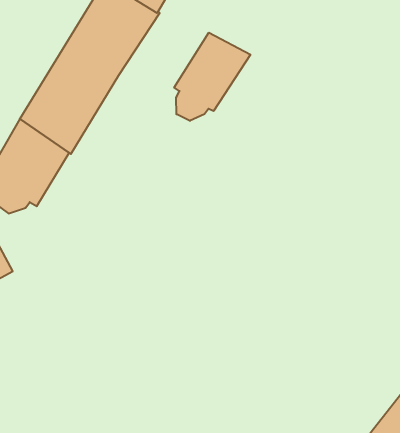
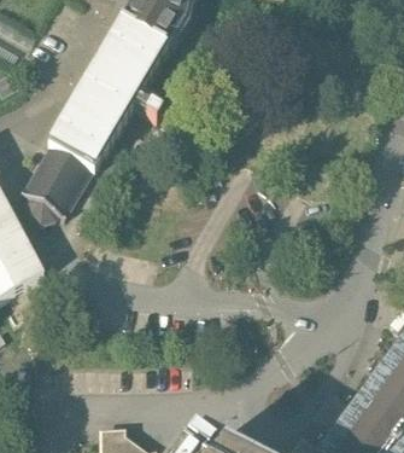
building: [174,33,250,121] -> none

